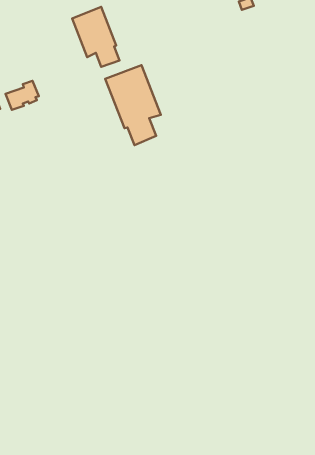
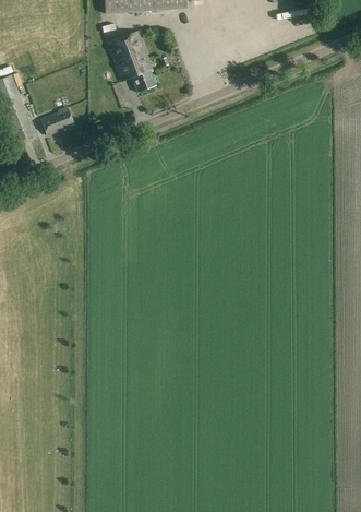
building: [105,65,161,145] -> none

